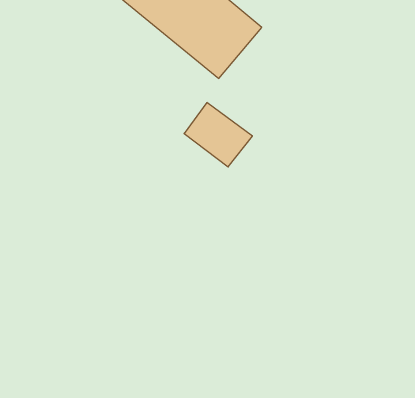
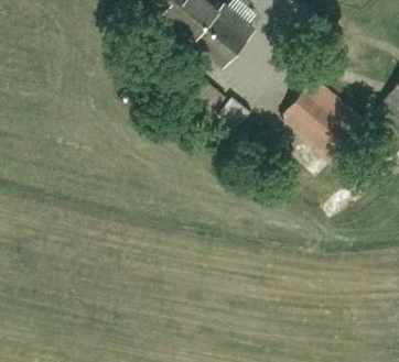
building: none -> [283,90,367,171]

